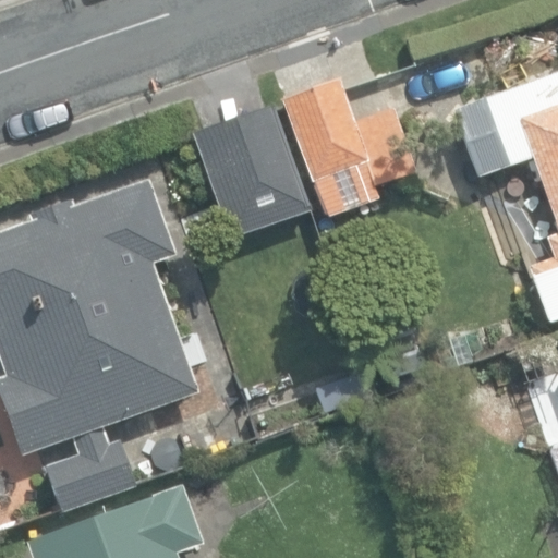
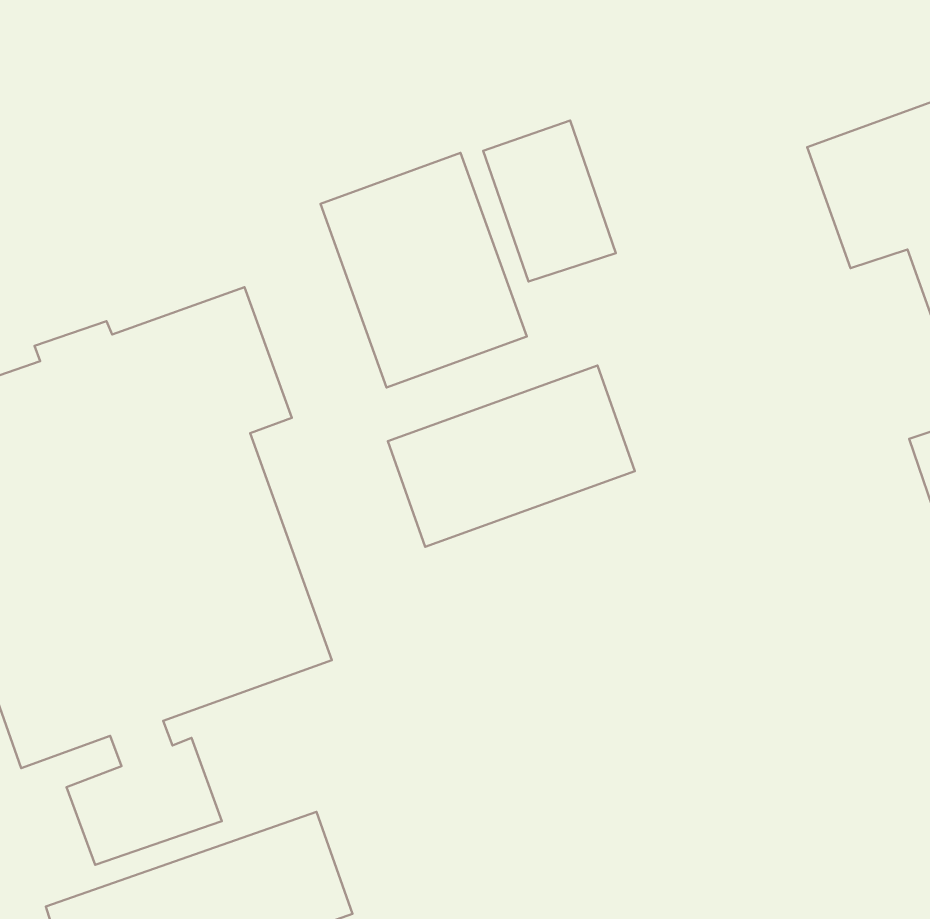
building: none -> [388,365,635,547]

